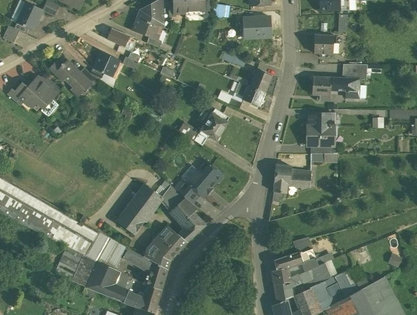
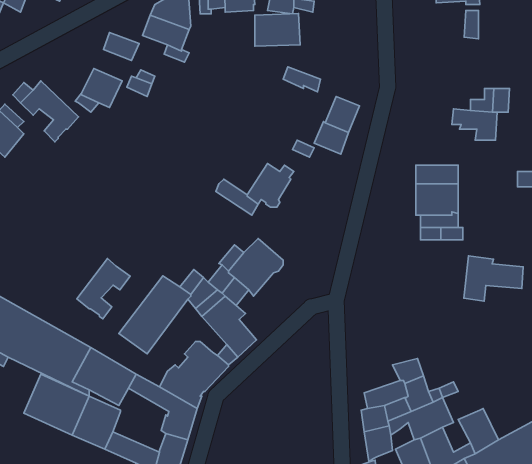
building: [243,17,272,38] -> [255,14,300,46]
building: [314,34,334,57] -> none
building: [311,76,331,100] -> none
building: [273,164,311,193] -> [464,256,523,301]
building: none -> [77,258,130,319]

